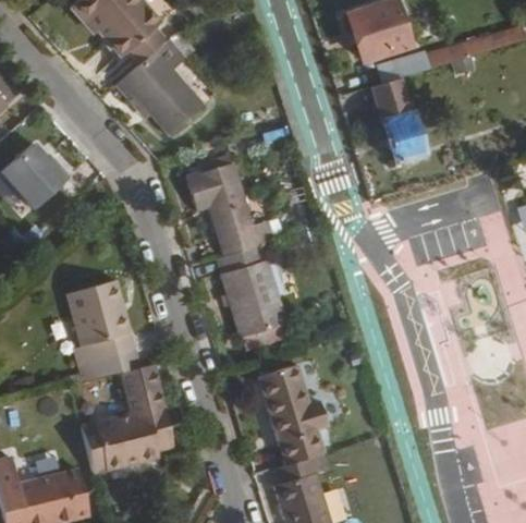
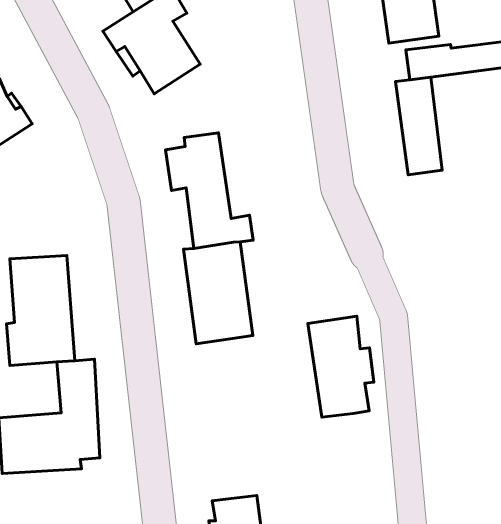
building: [260,375,325,465] -> [308,316,374,417]

